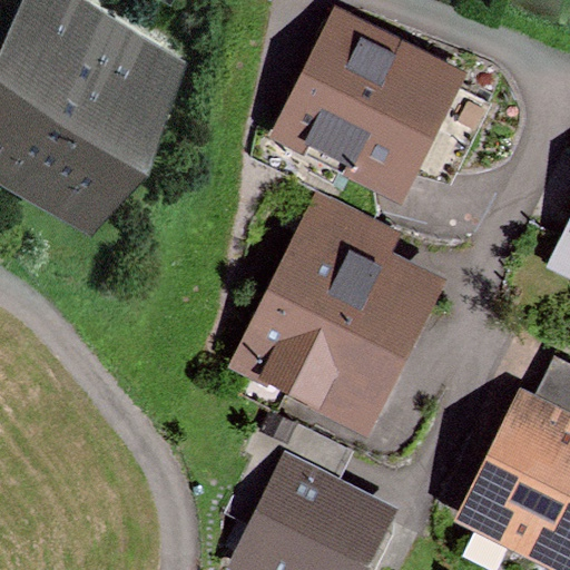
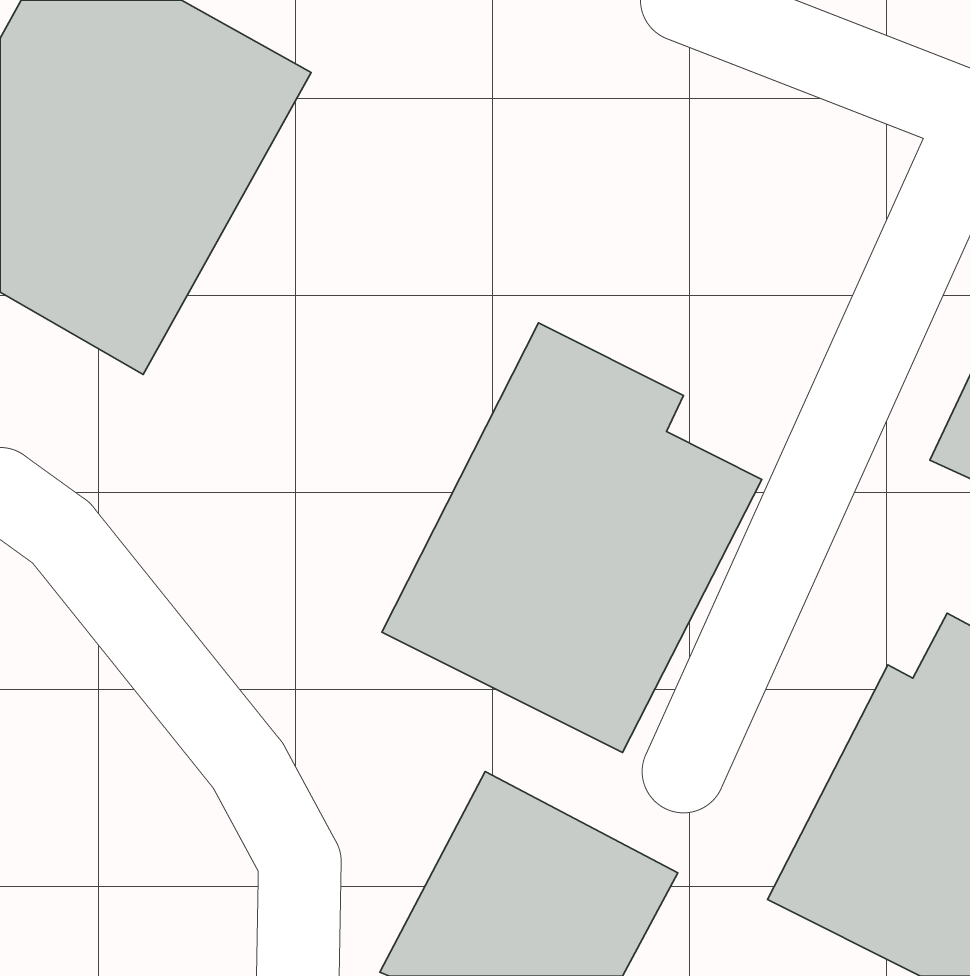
building: [267,7,469,206] -> none

